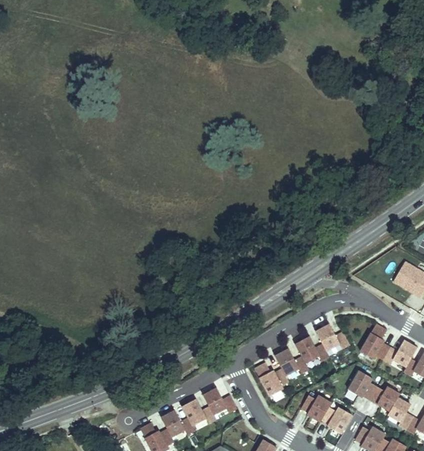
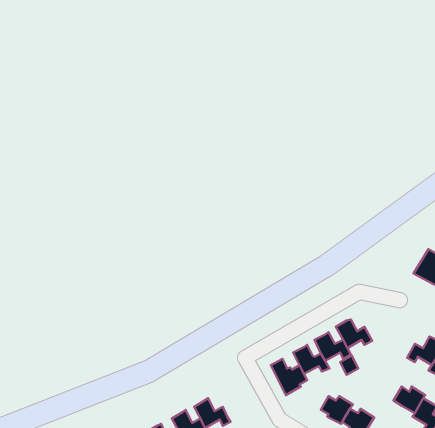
building: [360,323,390,360] -> none
building: [348,371,378,400] -> none
building: [204,387,238,415] -> none

